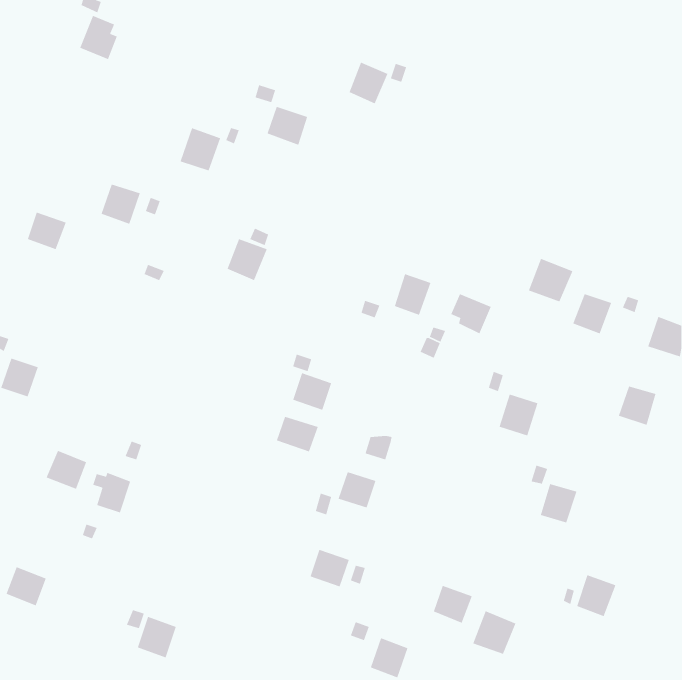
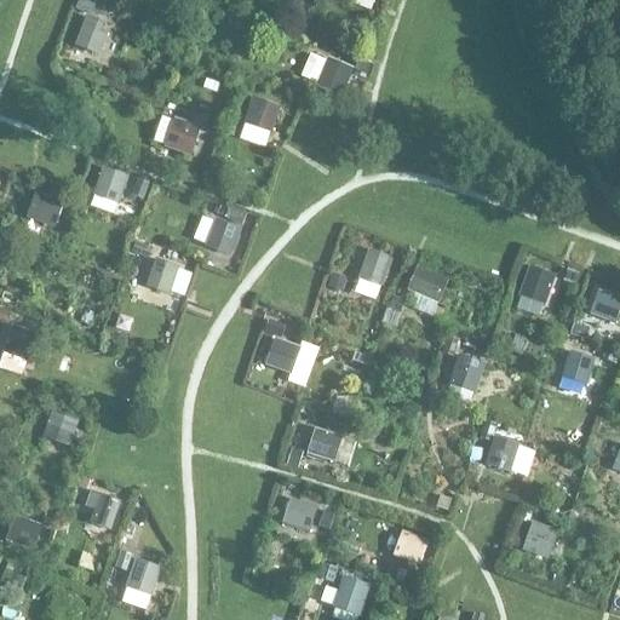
building: [528,258,573,303] -> none
building: none -> [142,257,178,293]
building: [276,416,319,452] -> none
building: [92,472,131,513] -> [84,492,119,529]
building: [472,610,517,655] -> none

